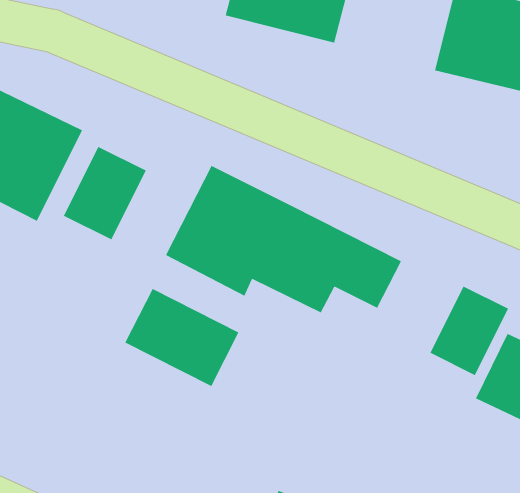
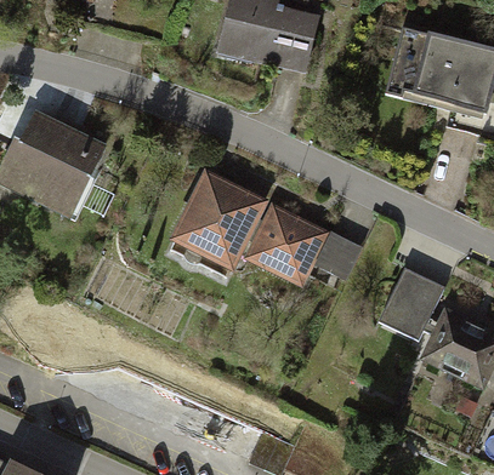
building: [63,146,147,240] -> none
building: [125,288,239,387] -> none

